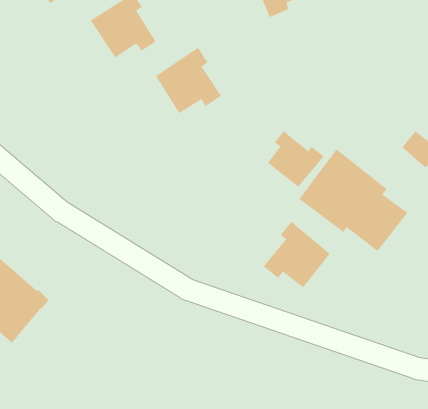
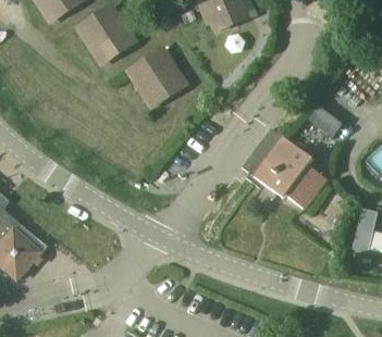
building: [267,130,324,187] -> none
building: [263,221,330,288] -> none

